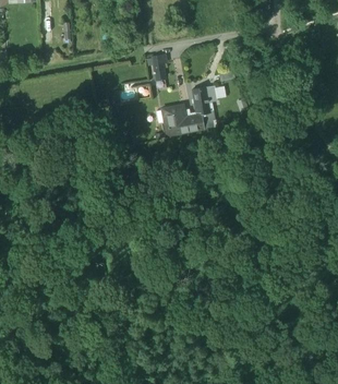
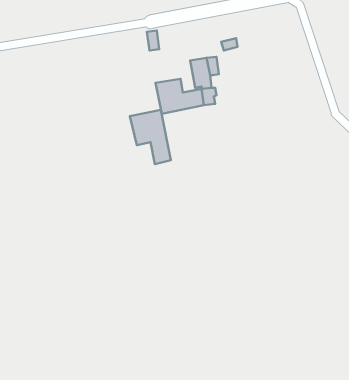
building: none -> [130,110,171,164]

